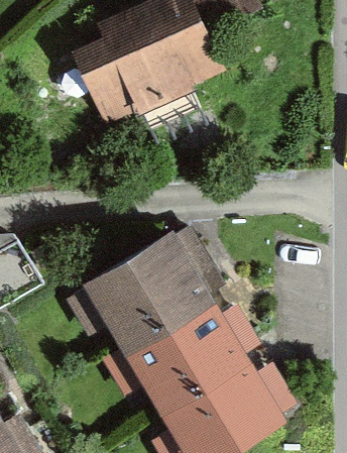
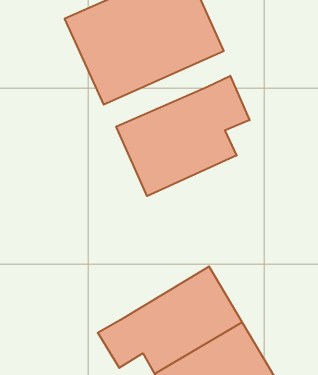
building: none -> [116,76,250,196]
building: [66,233,218,350] -> none

